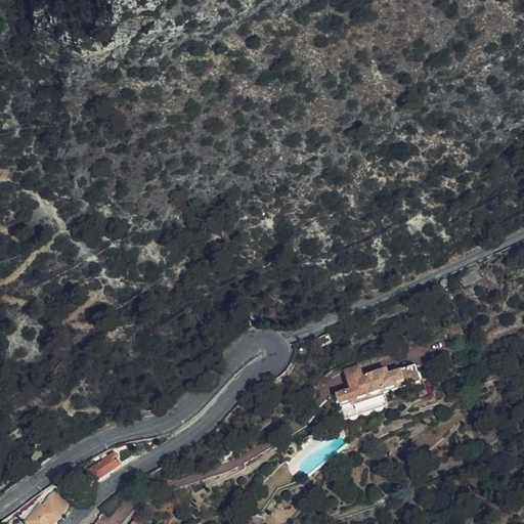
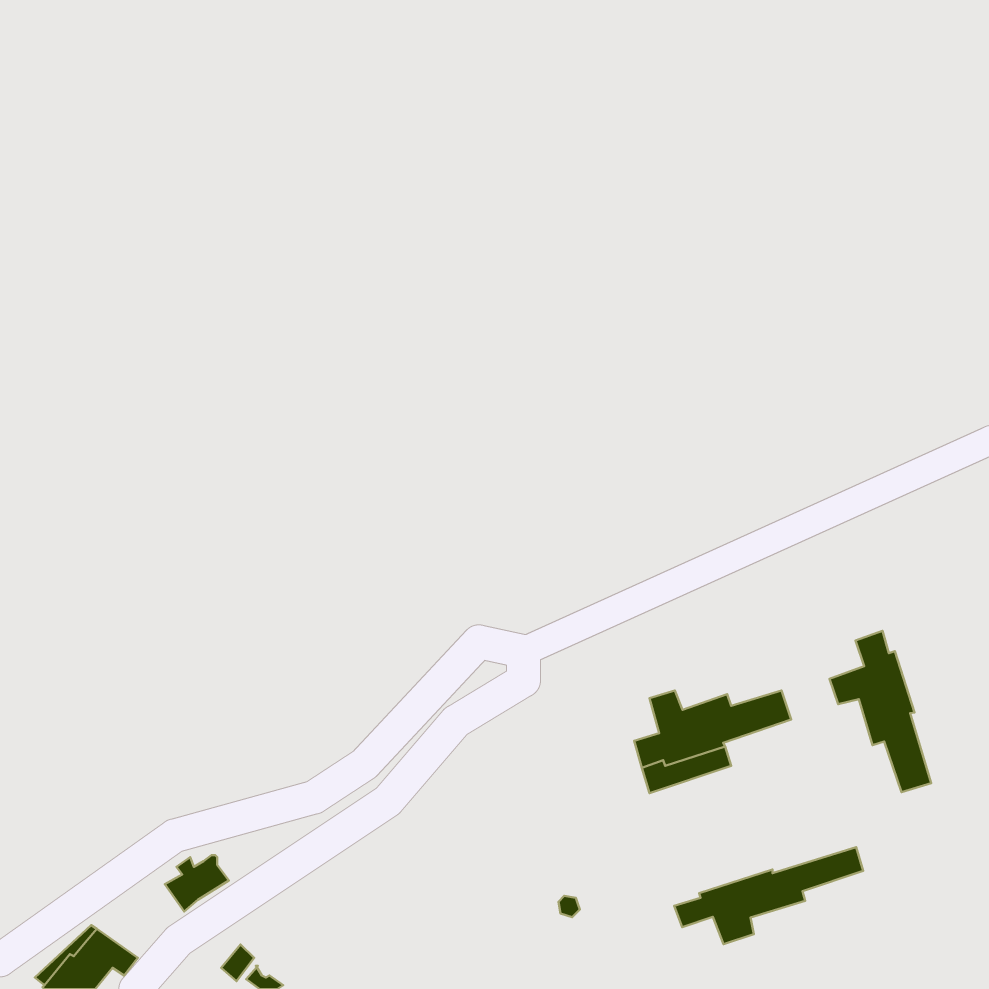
building: none -> [829,631,931,792]
building: none -> [674,847,863,944]

